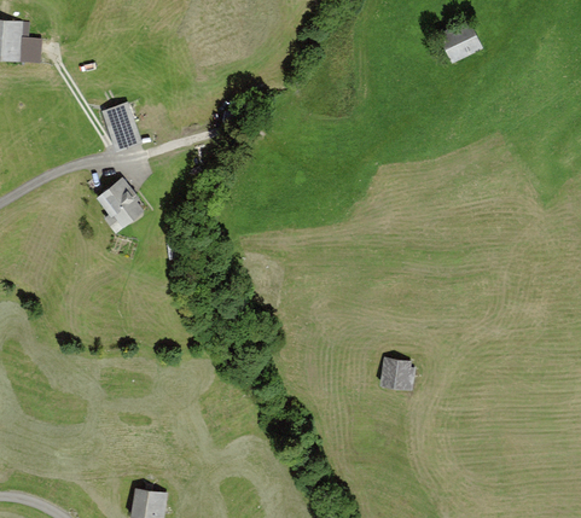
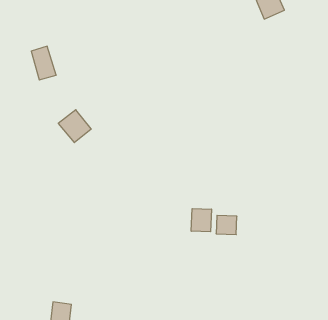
building: [95,180,145,229] -> [58,110,91,143]
building: none -> [191,209,211,232]

